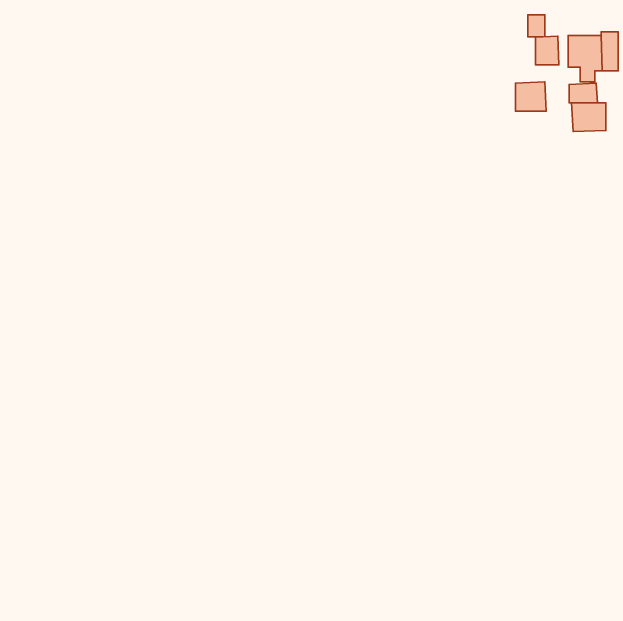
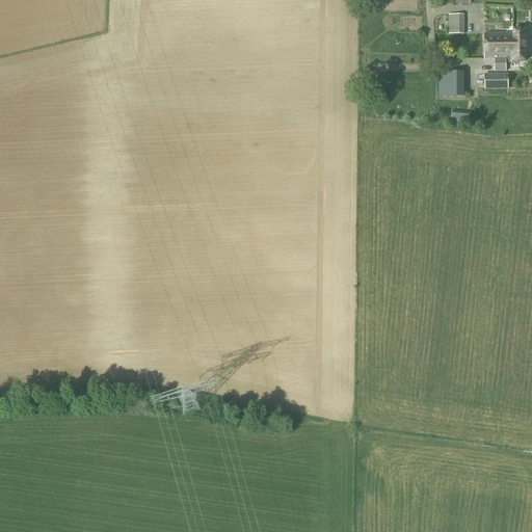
building: [535,36,559,65] -> none
building: [572,103,606,131] -> none

